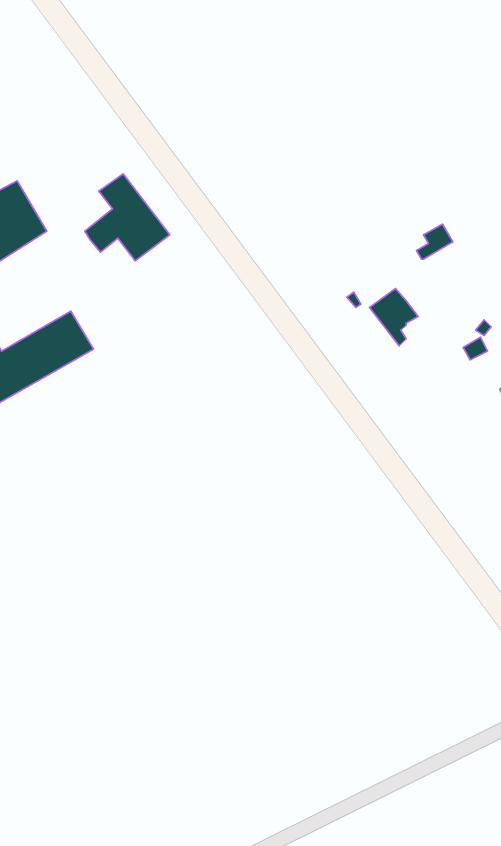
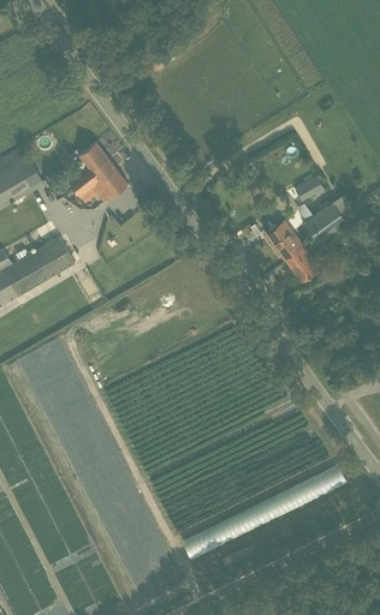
building: none -> [303,202,346,244]
building: none -> [286,240,320,281]

